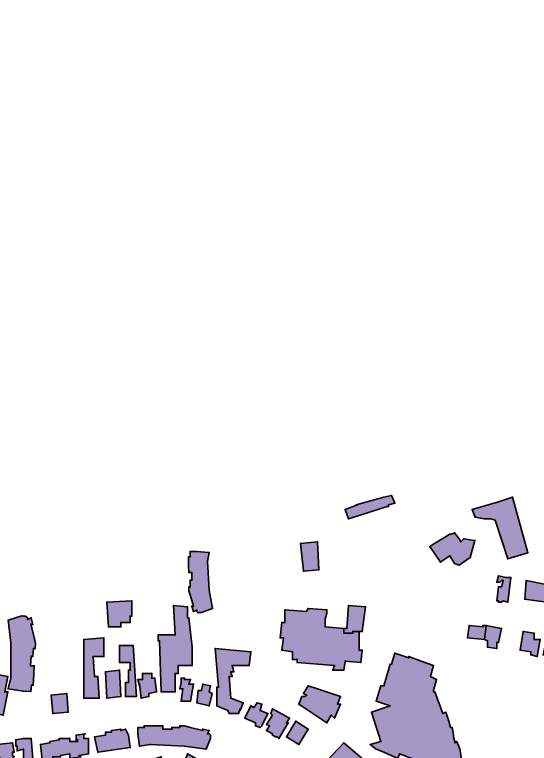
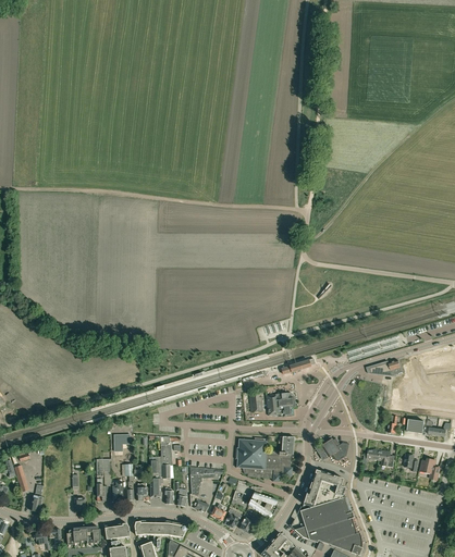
building: [430,533,475,565] -> [318,438,349,461]
building: none -> [266,393,292,417]
building: [189,551,212,613] -> none
building: [8,616,36,691] -> none

